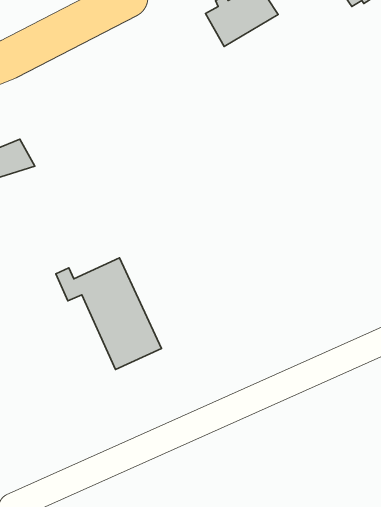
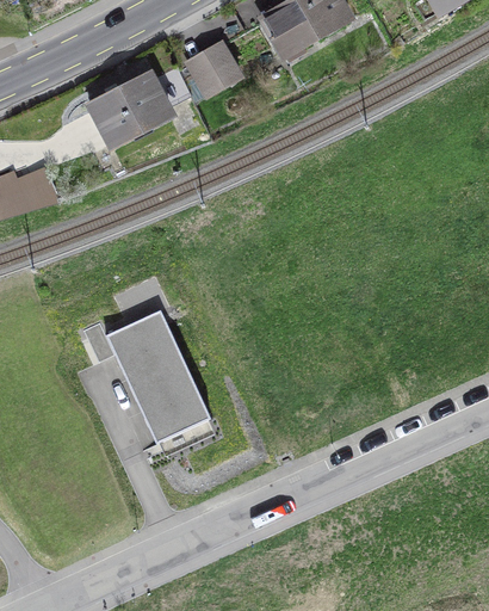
building: none -> [186,44,237,93]
building: none -> [88,55,190,159]

